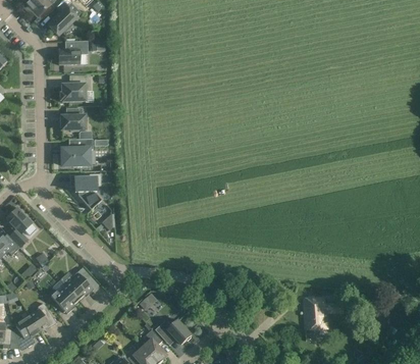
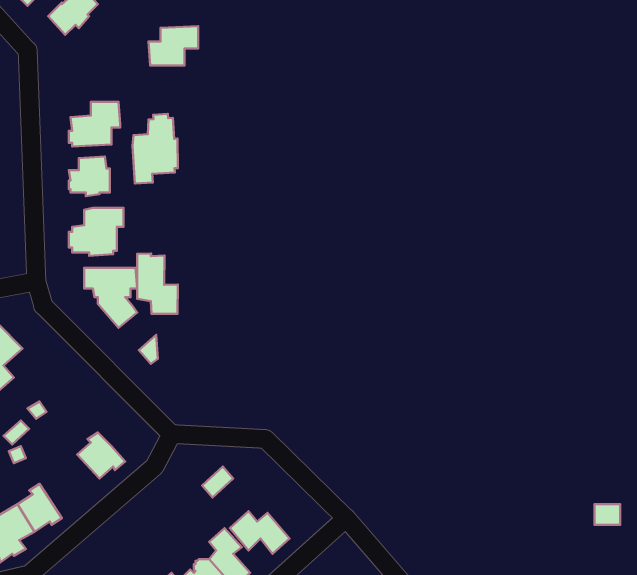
building: [58,40,88,63] -> [149,26,198,66]
building: none -> [132,114,178,184]
building: none -> [137,253,178,314]
building: [51,284,78,313] -> none
building: [304,297,344,327] -> none

